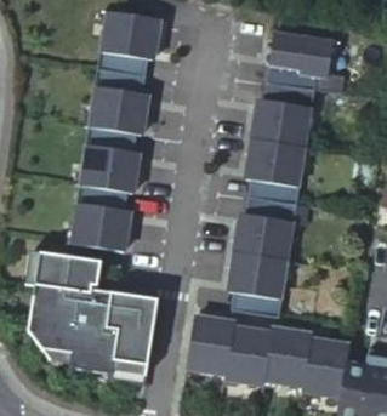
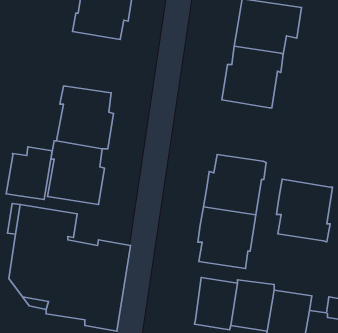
building: [87,65,148,132] -> none
building: [247,138,307,205] -> [277,179,332,242]
building: none -> [6,147,52,200]
building: [186,317,233,372] -> none

